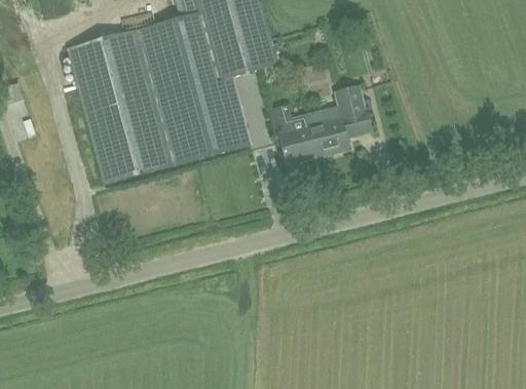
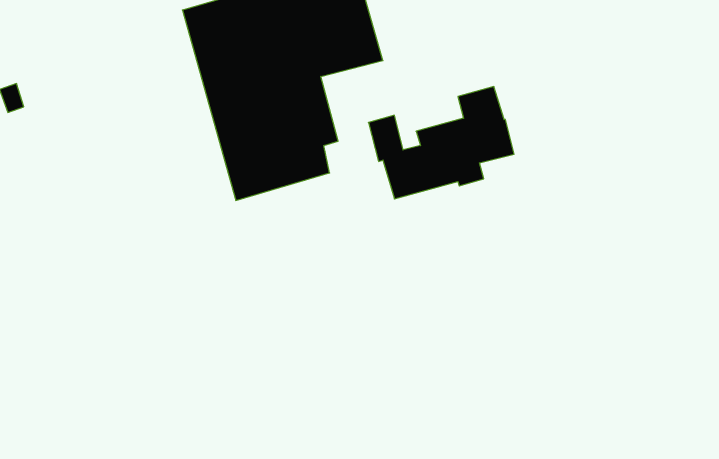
building: [68,30,173,184] -> none

